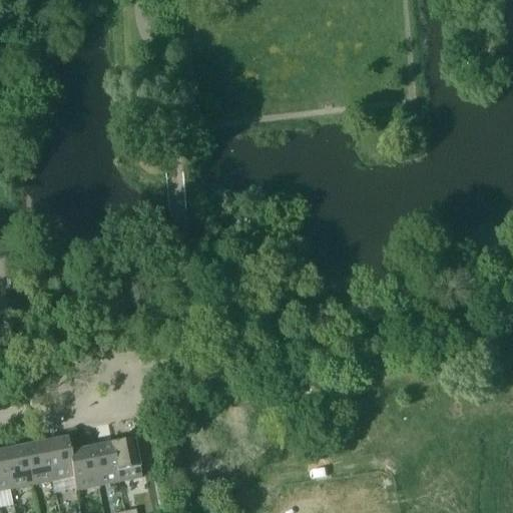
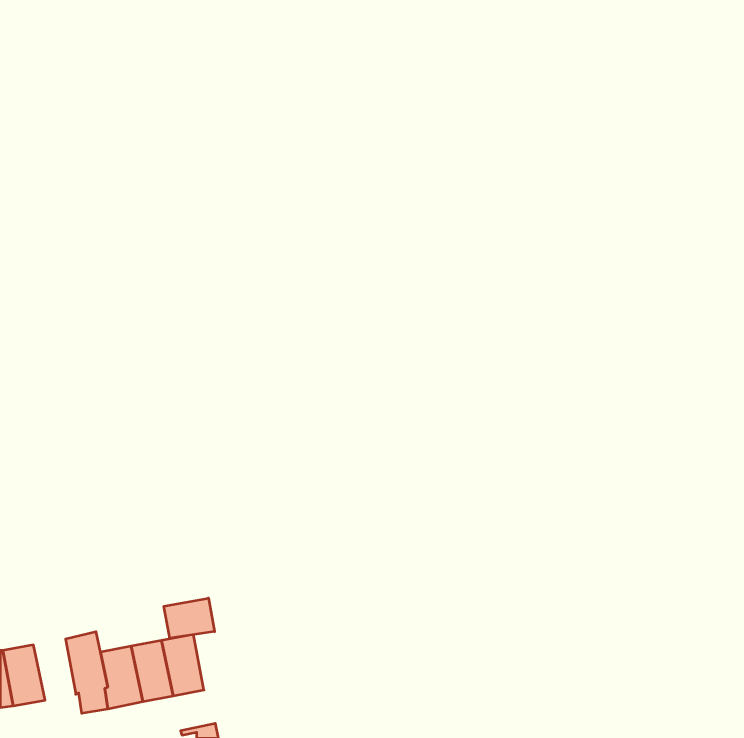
building: none -> [164,598,215,638]
building: [23,440,52,482] -> none

